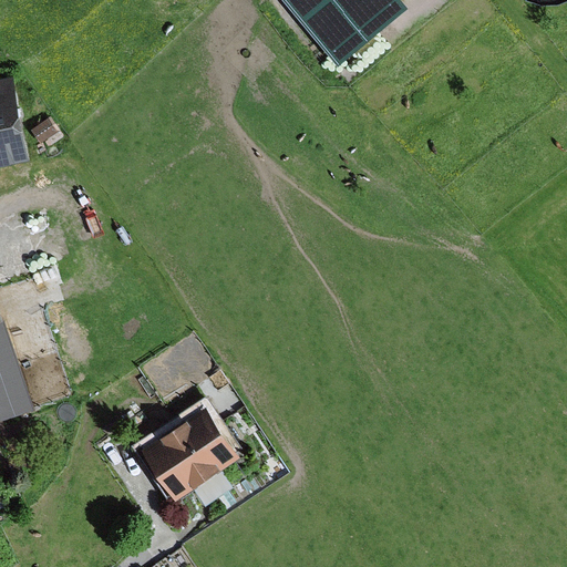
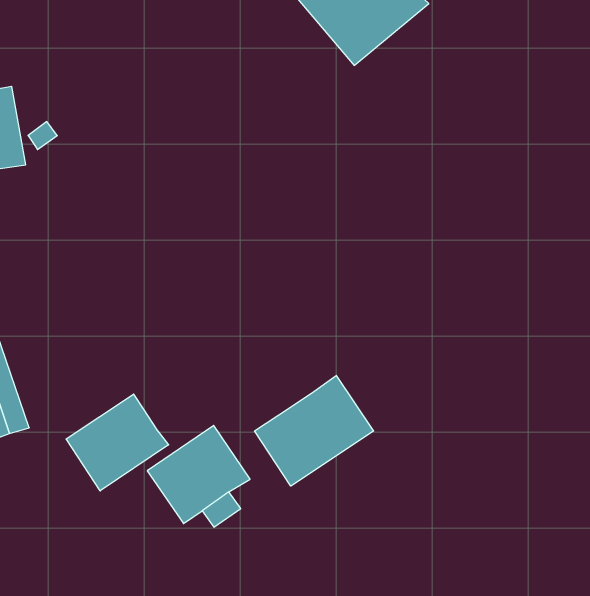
building: none -> [255,375,374,486]
building: none -> [66,394,169,491]

